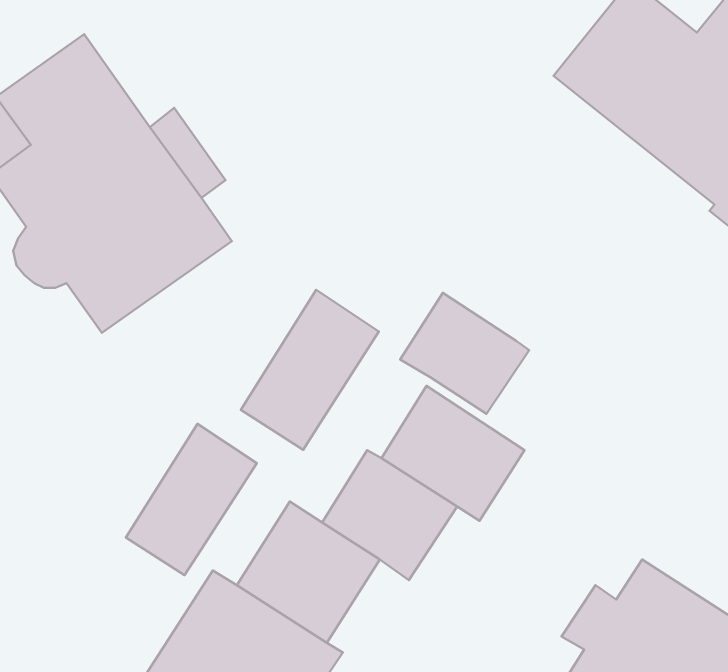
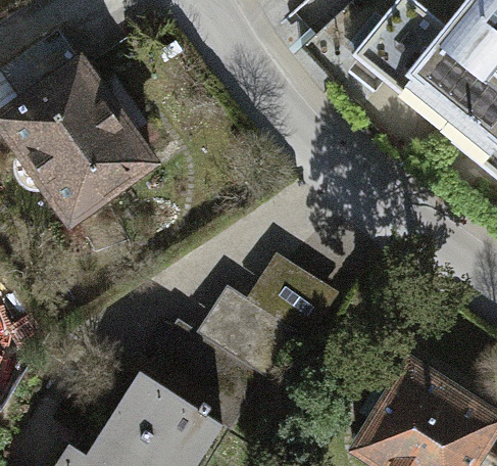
building: [241,290,379,450] -> none
building: [400,293,529,414] -> none
building: [126,424,257,575] -> none

